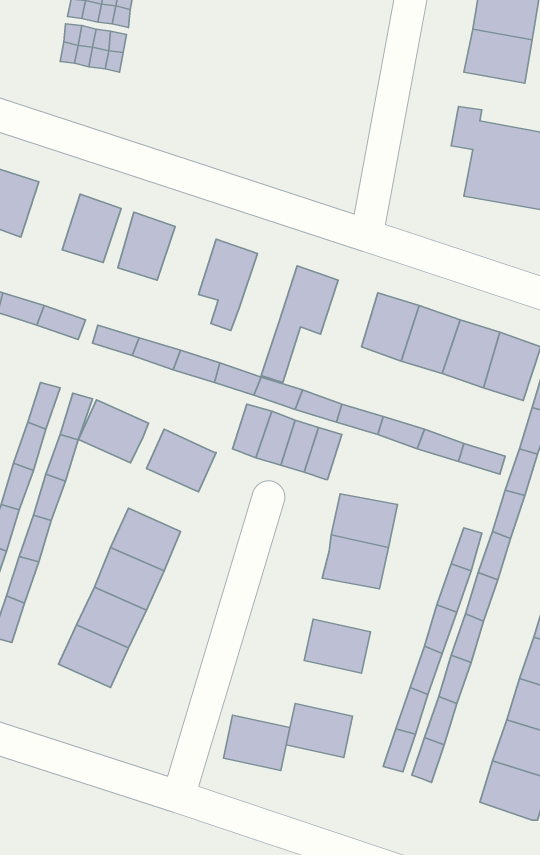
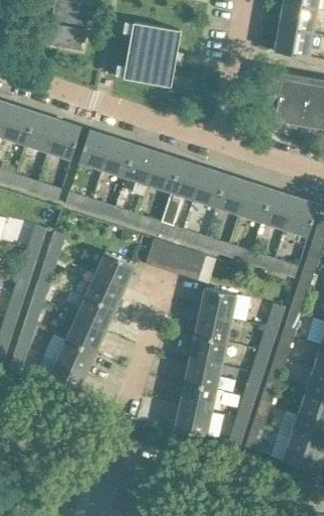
building: none -> [124,22,179,85]
building: none -> [24,112,58,150]
building: none -> [101,137,134,175]
building: none -> [147,152,180,190]
building: none -> [193,167,225,205]
building: [78,400,148,463] -> [85,273,124,308]
building: none -> [189,335,226,365]
building: [224,715,290,771] -> [179,381,216,412]

